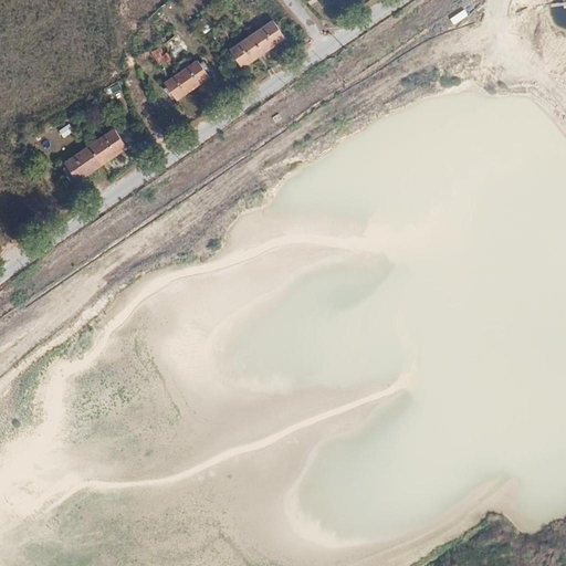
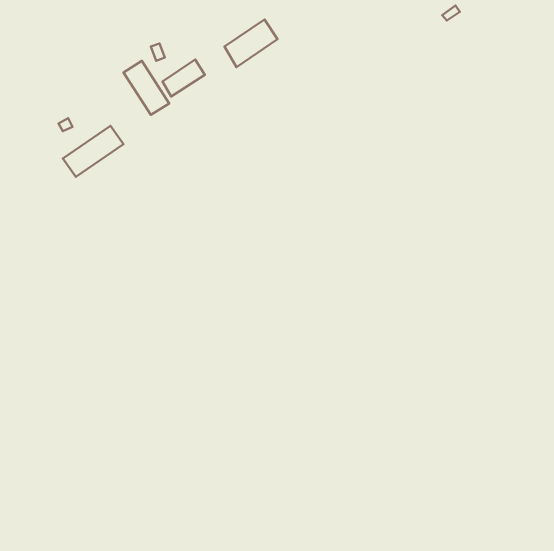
building: none -> [124,61,169,115]

